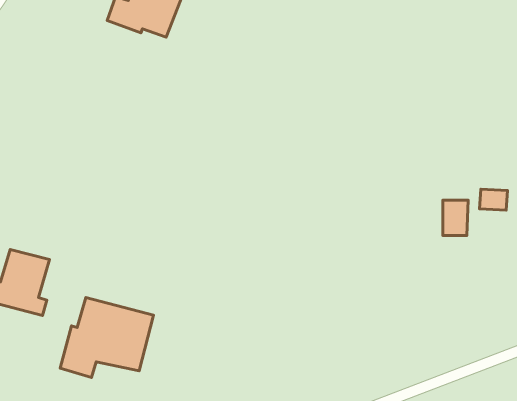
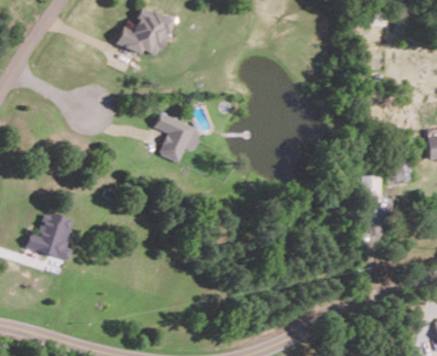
building: none -> [154,114,202,163]
building: [60,298,154,377] -> none

